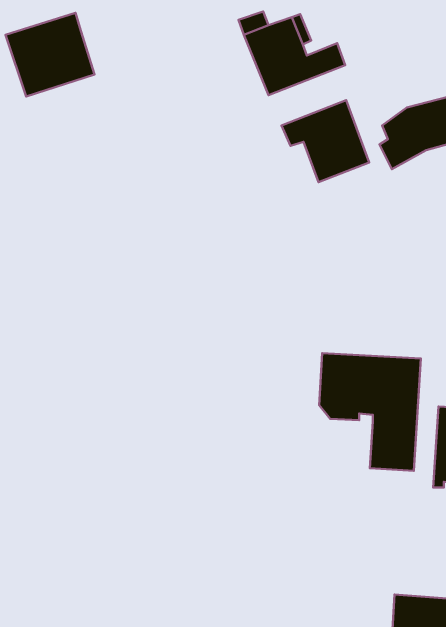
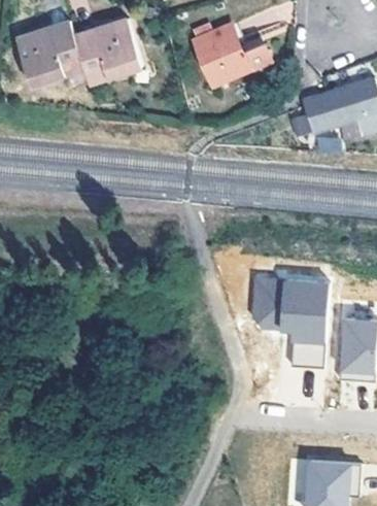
building: none -> [73,19,143,81]
building: [282,100,369,182] -> none

